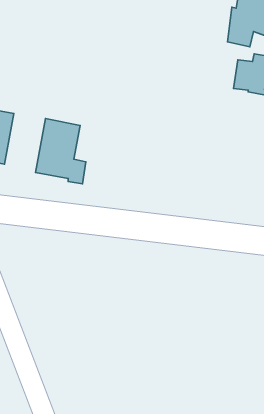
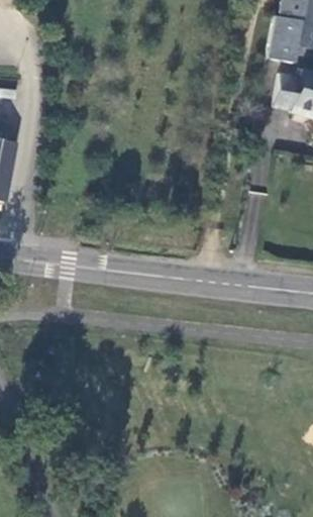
building: [36,119,86,184] -> none

